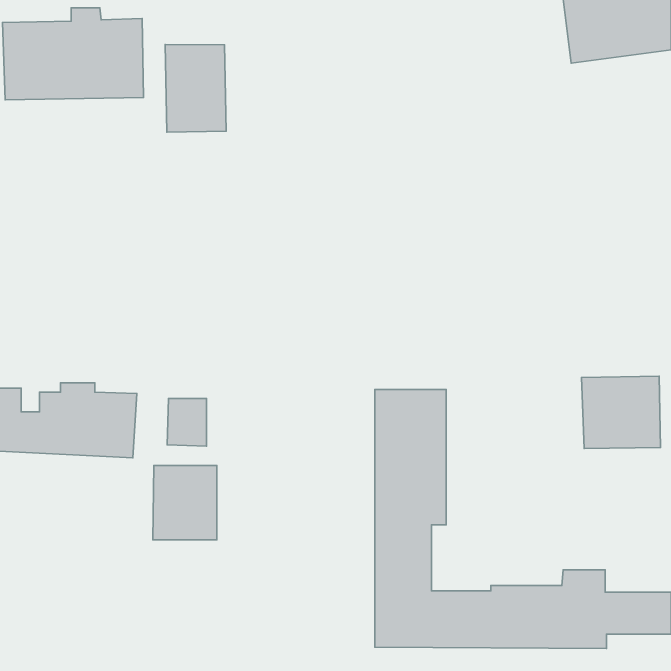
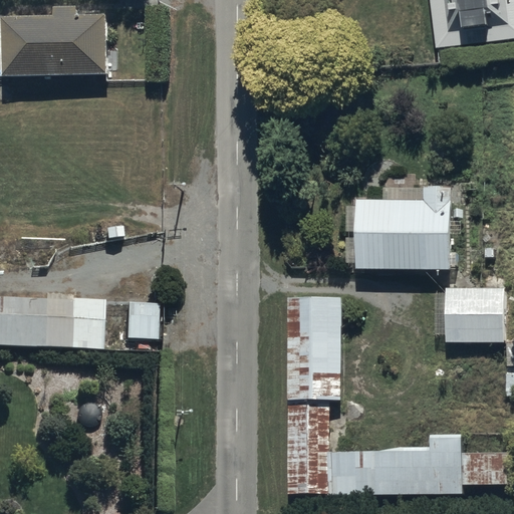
building: [165,45,226,132] -> none
building: none -> [354,173,451,270]
building: [153,465,217,540] -> none

